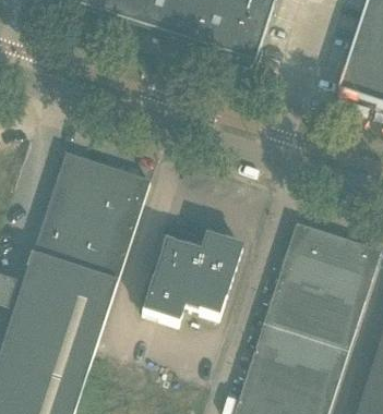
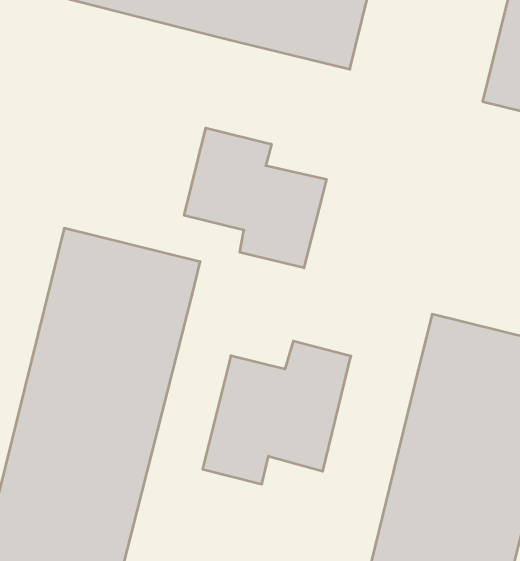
building: none -> [184,128,326,268]

